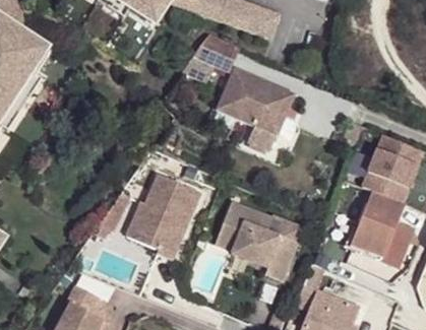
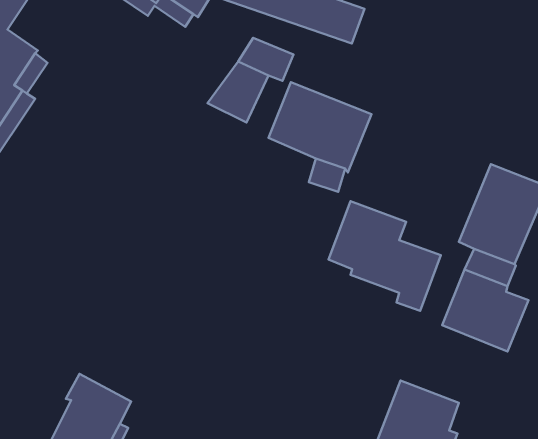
building: [128,176,202,262] -> none
building: [218,202,300,282] -> [328,201,441,311]

